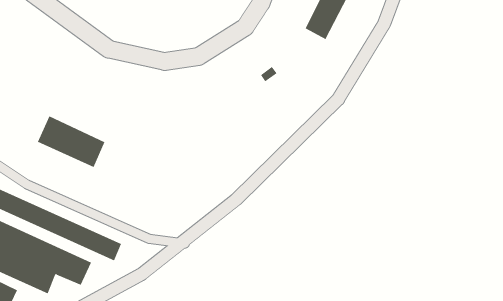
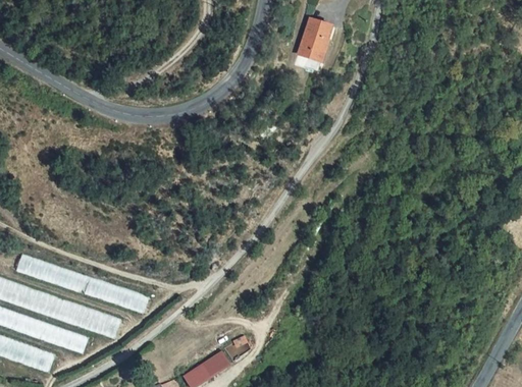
building: [37,115,105,168] -> none

